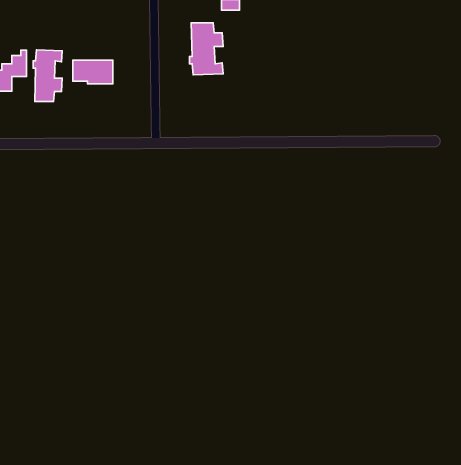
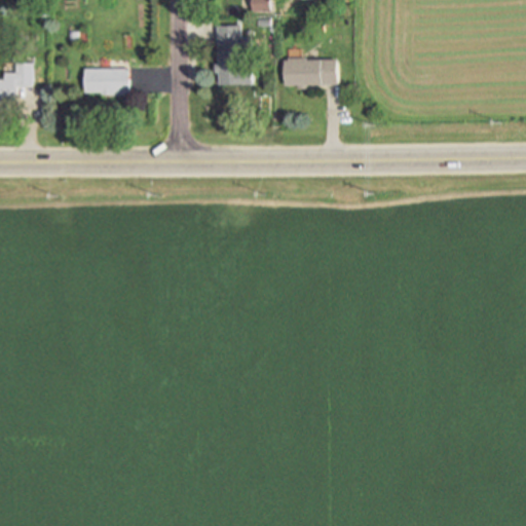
building: [33,50,62,102] -> none
building: none -> [283,58,336,89]

